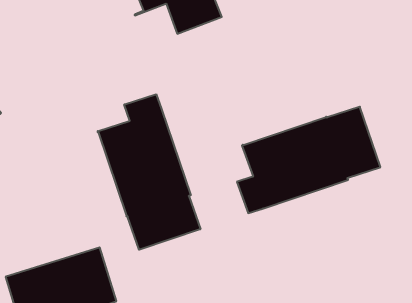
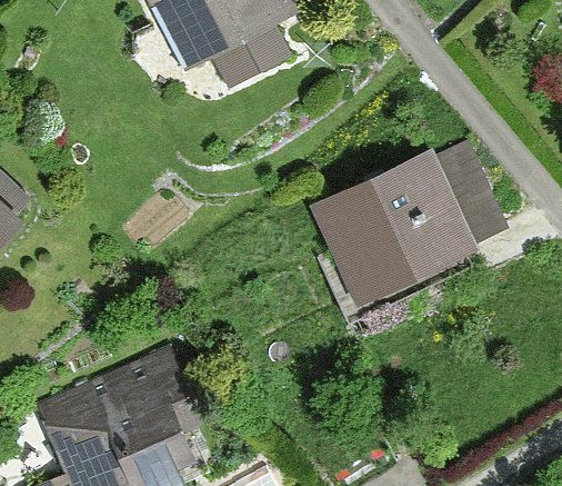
building: [98,94,200,250] -> none

